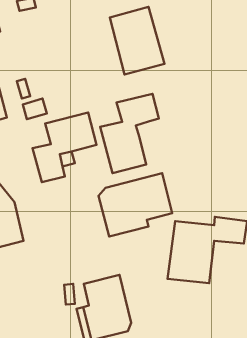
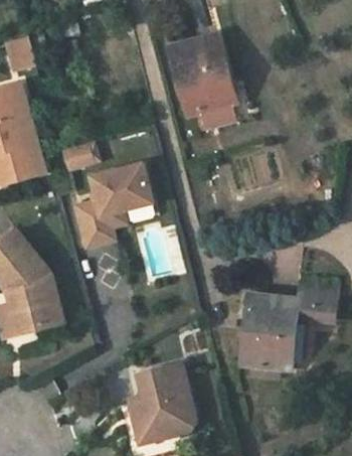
building: [100,94,159,173] -> none
building: [99,173,172,237] -> none

